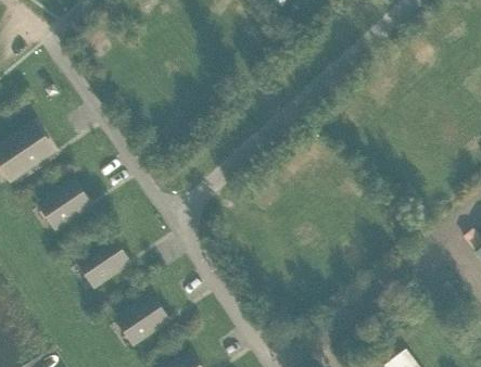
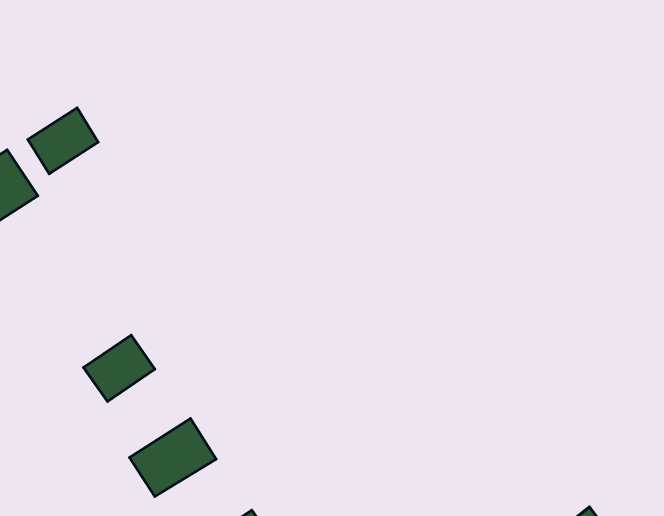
building: none -> [28,108,98,174]
building: [42,181,88,224] -> none

